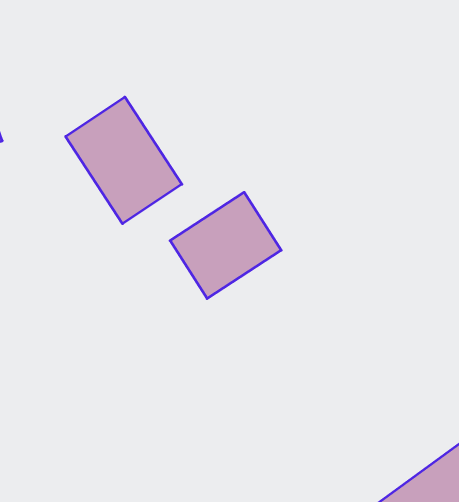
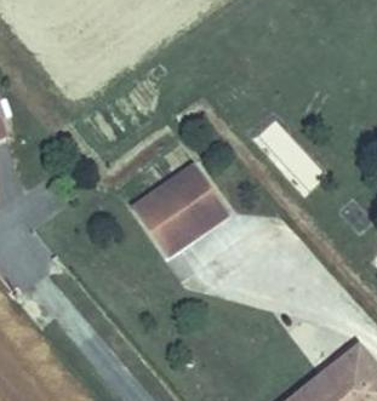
building: [66,97,182,224] -> none

